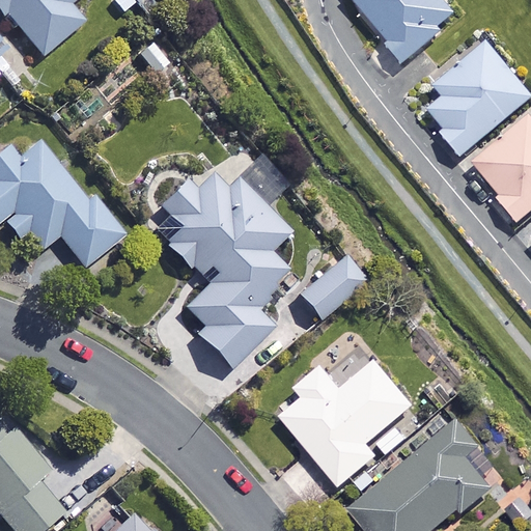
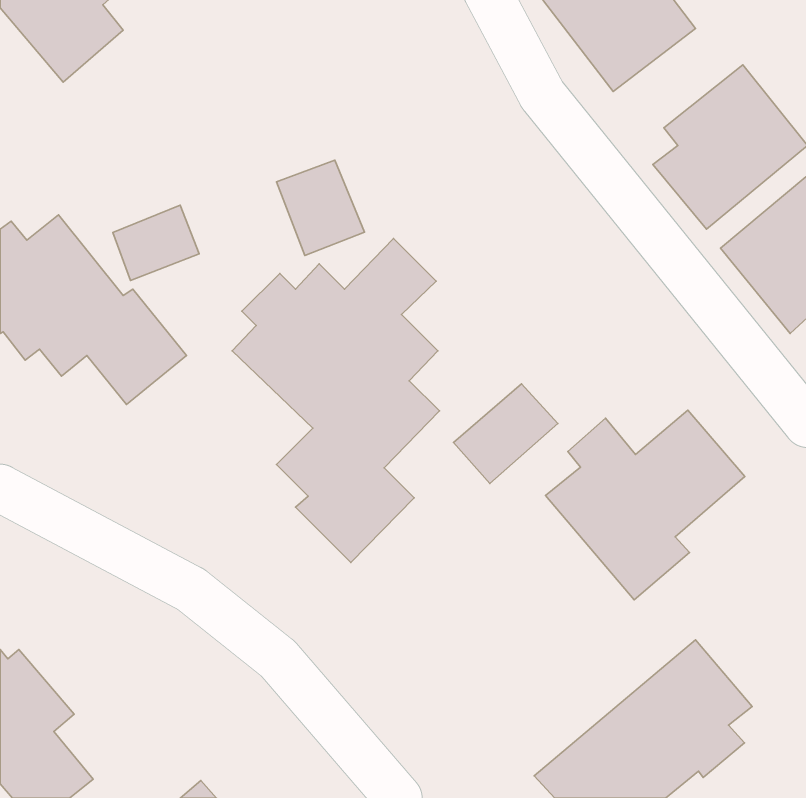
building: none -> [276,160,365,255]
building: none -> [113,205,199,281]
building: [282,360,413,484] -> [546,410,745,600]

